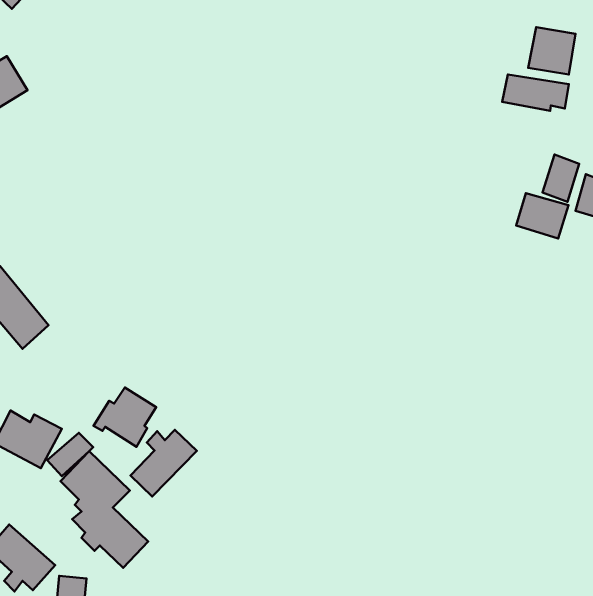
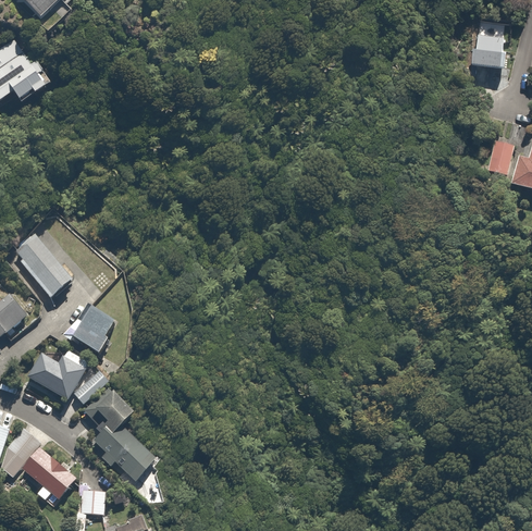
building: [502,74,569,111] -> none
building: [516,193,568,238] -> none
building: [93,388,156,447] -> [64,306,116,355]
building: [130,430,197,496] -> none

